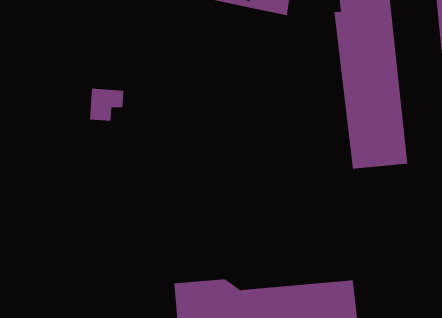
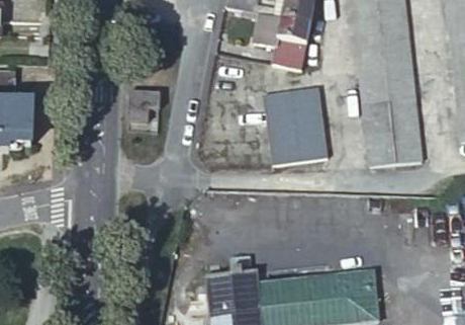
building: none -> [258,14,310,69]
building: none -> [266,89,330,165]

